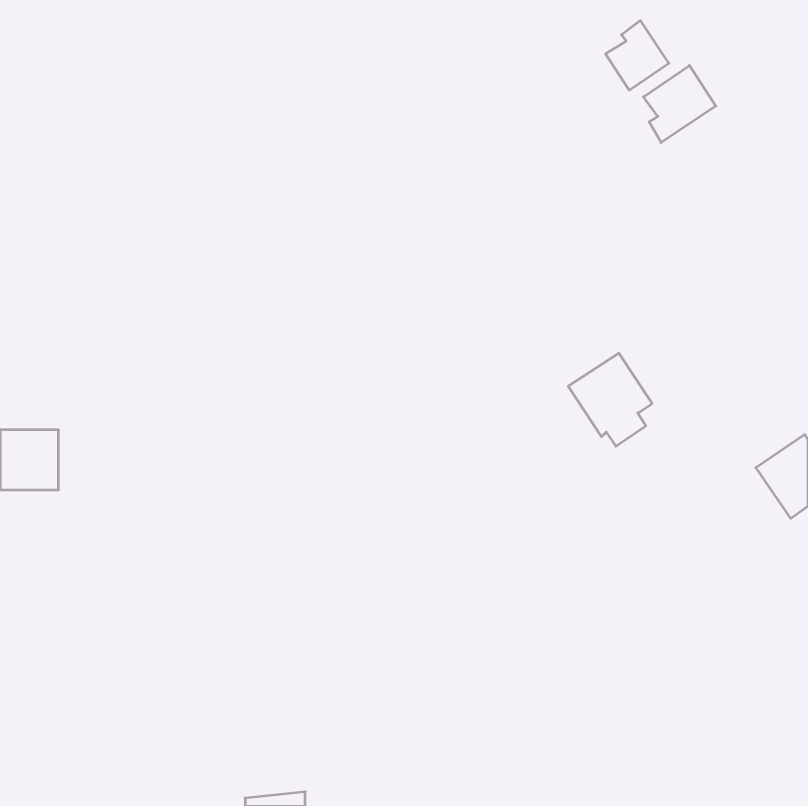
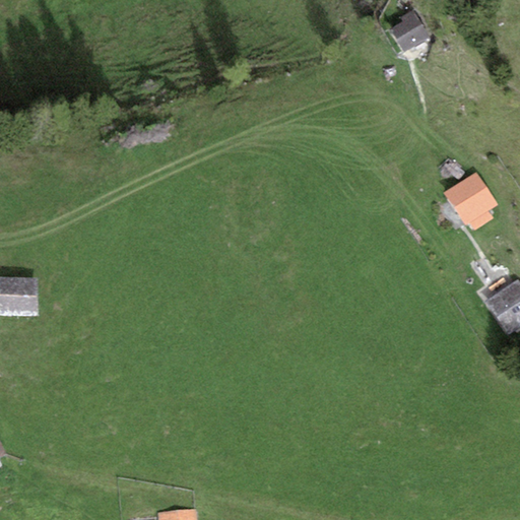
building: [643,65,716,143] -> none
building: [568,353,652,446] -> [444,171,498,231]

